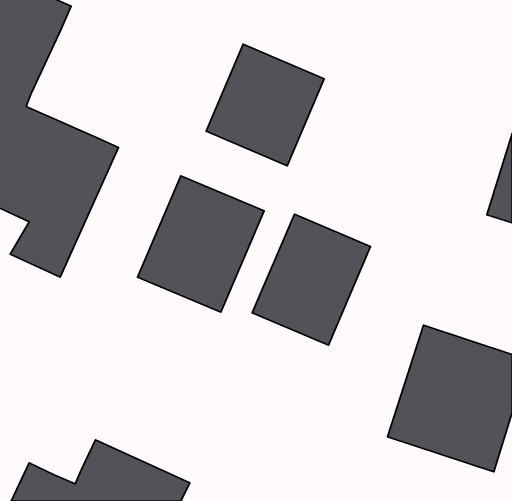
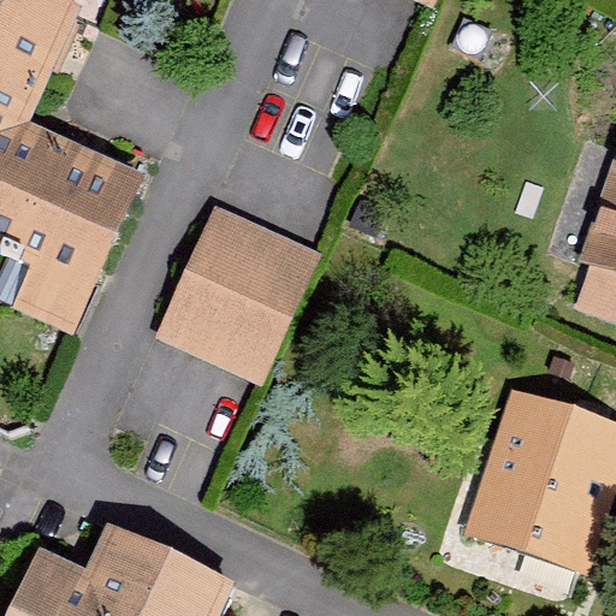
building: [206,44,324,166] -> none
building: [252,214,371,345] -> none

